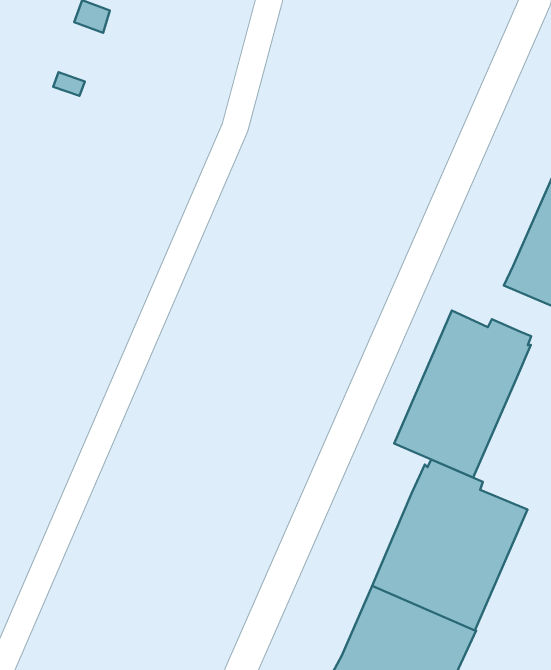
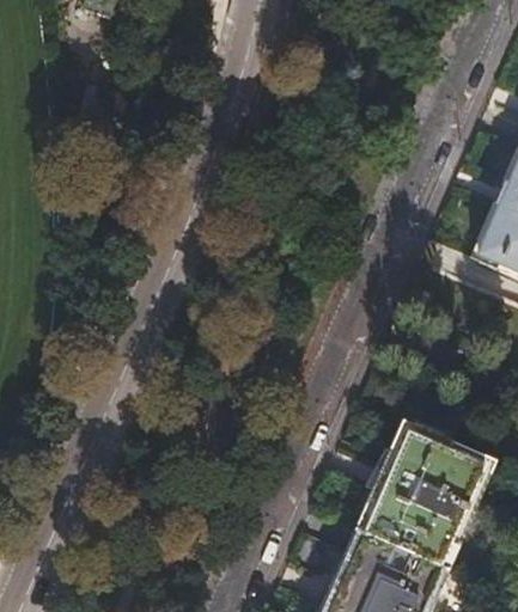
building: [394,311,531,477] -> none

